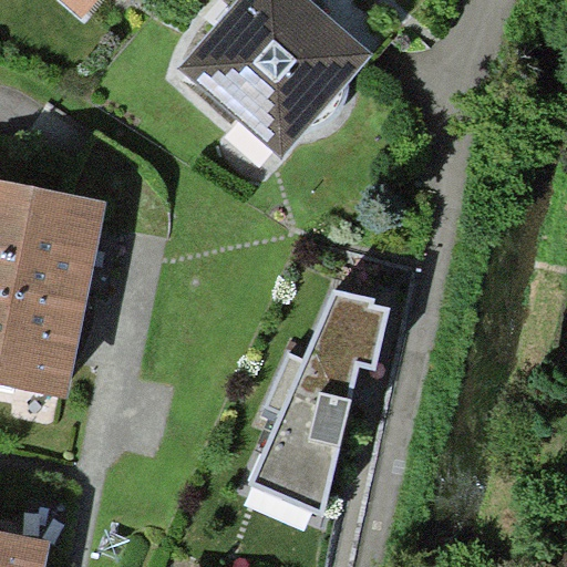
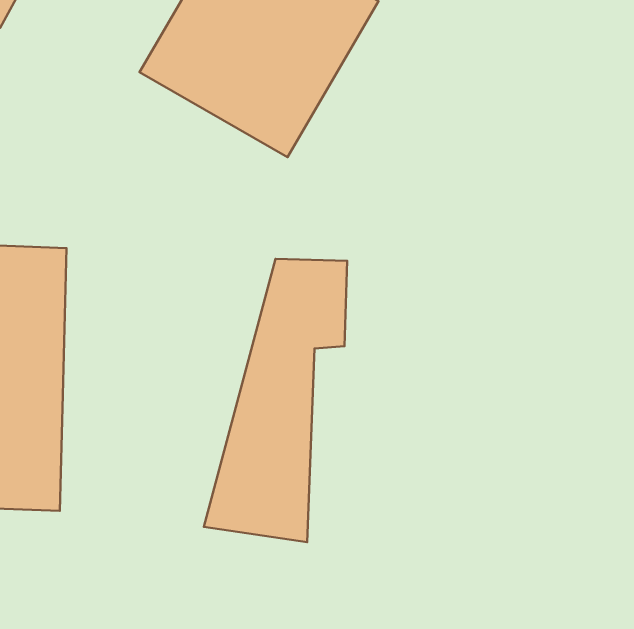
building: [248,293,392,513] -> [204,259,347,542]

